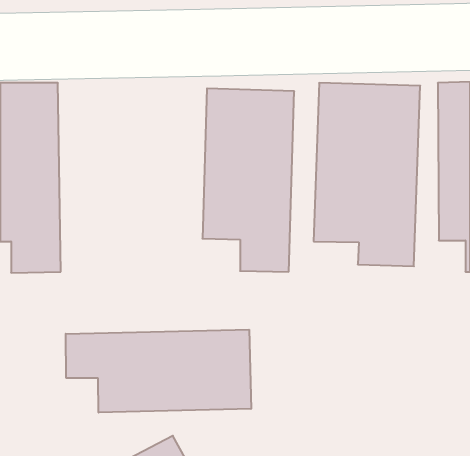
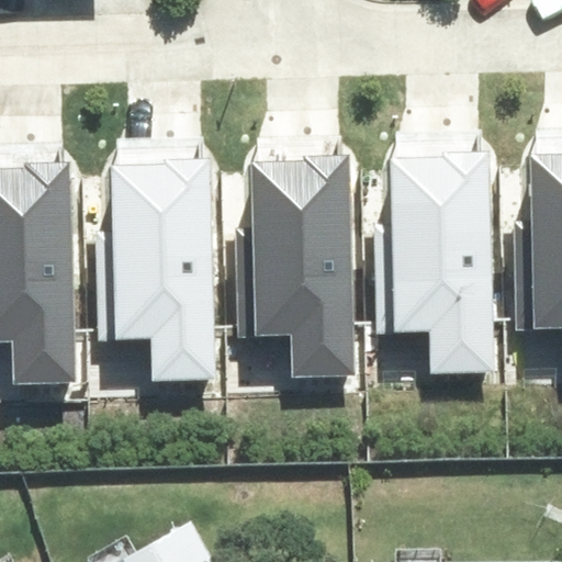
building: none -> [100,115,216,345]
building: [66,330,251,413] -> none

